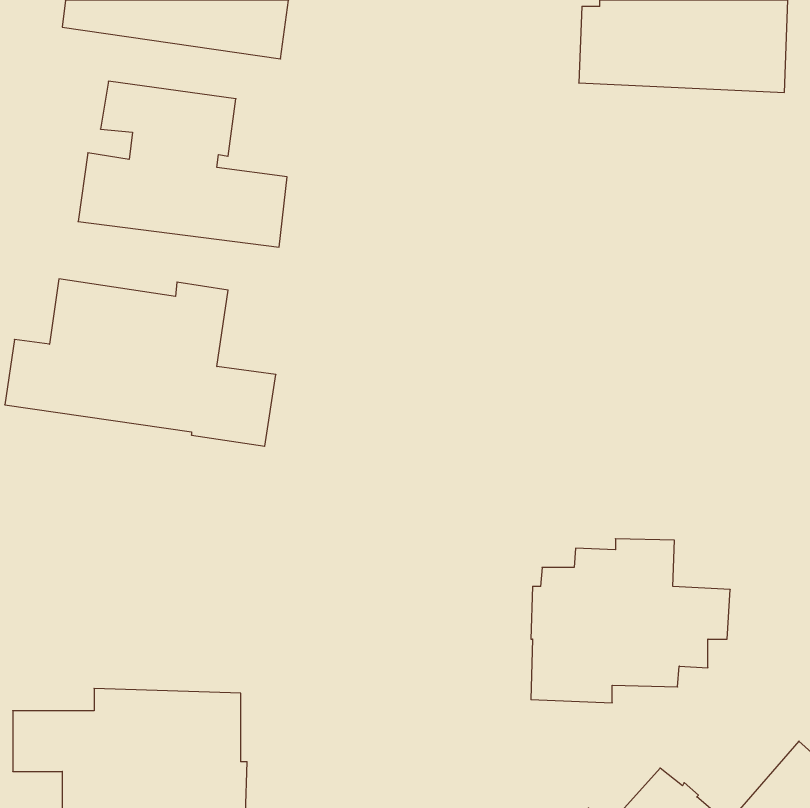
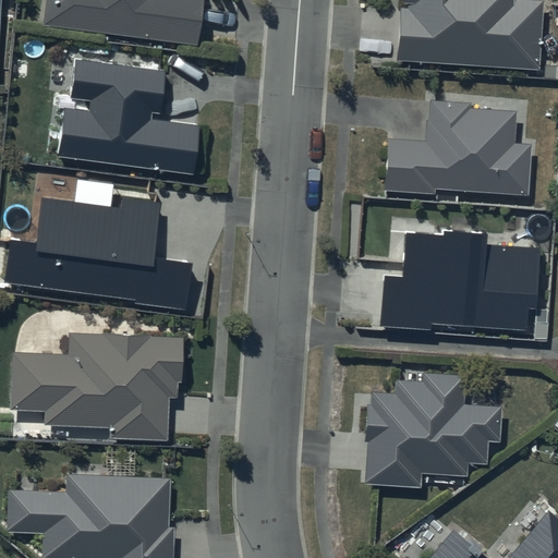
building: none -> [386,101,531,193]
building: none -> [376,229,542,330]
building: none -> [13,333,183,440]

